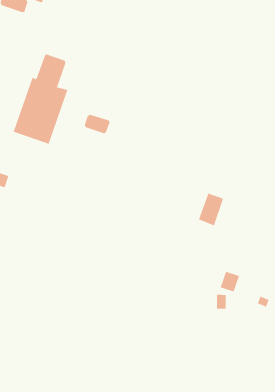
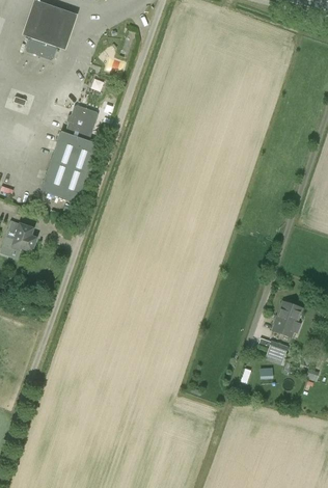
building: [84,114,110,134] -> none
building: [198,193,224,226] -> [271,301,299,337]

